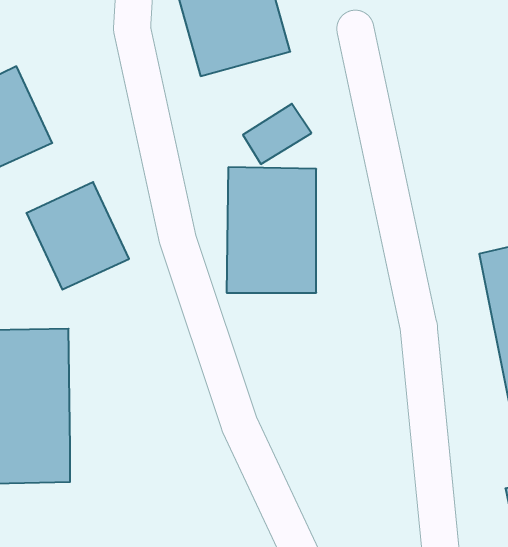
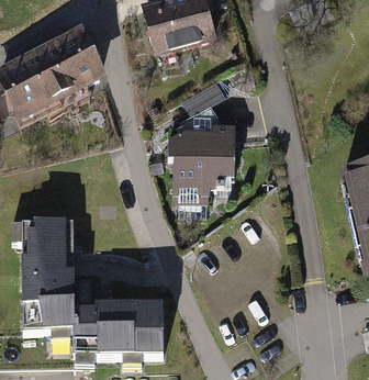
building: [26,182,129,290] -> [35,25,104,98]
building: none -> [71,303,166,355]

